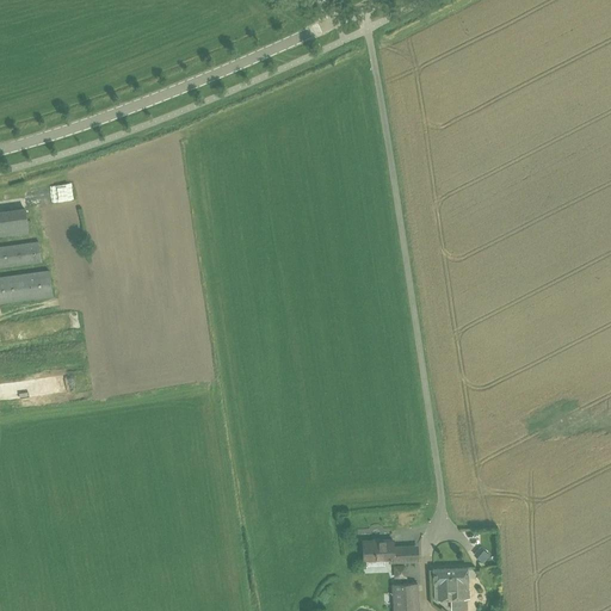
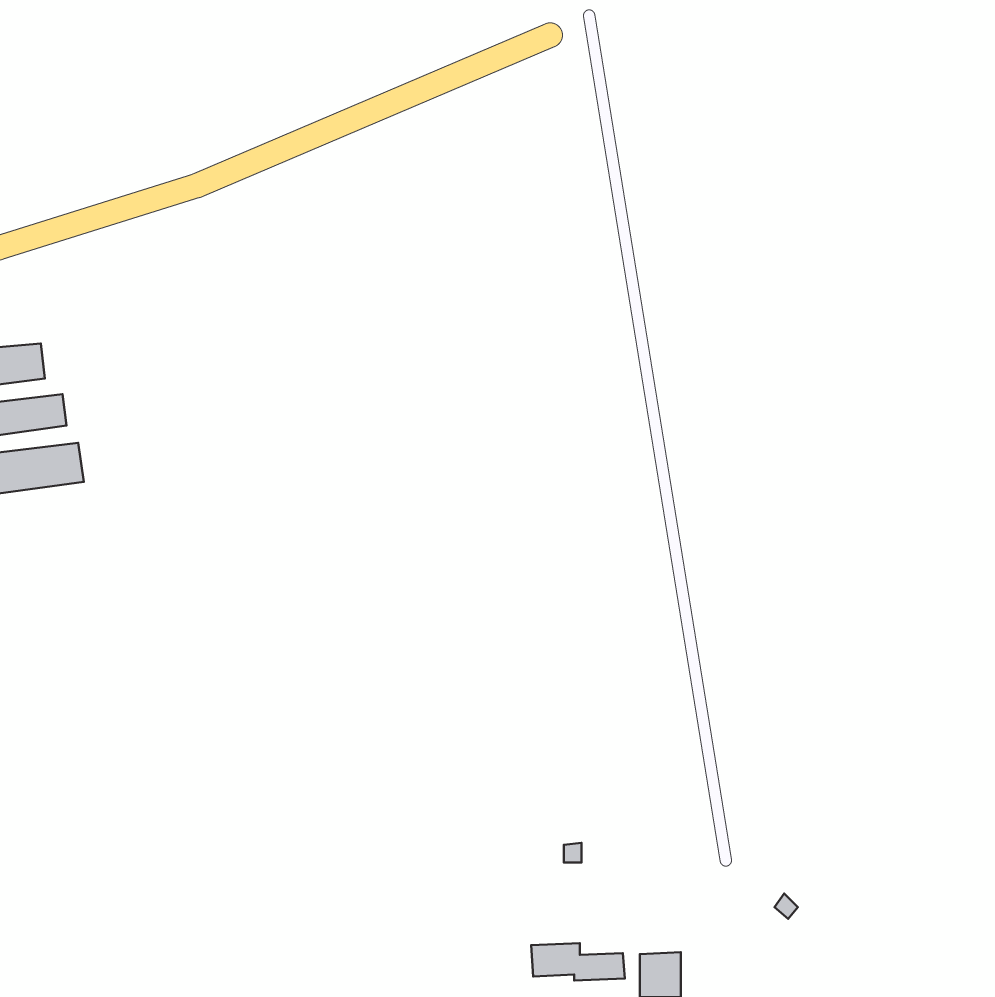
building: [362,539,419,562] -> [531,943,625,980]
building: [432,567,468,600] -> none

